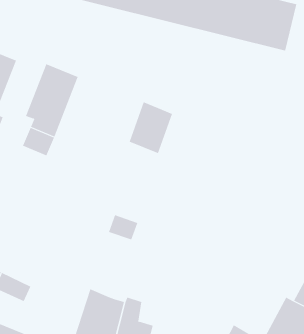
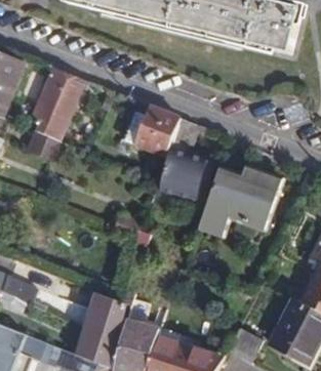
building: none -> [159,117,205,200]
building: none -> [197,169,281,232]

